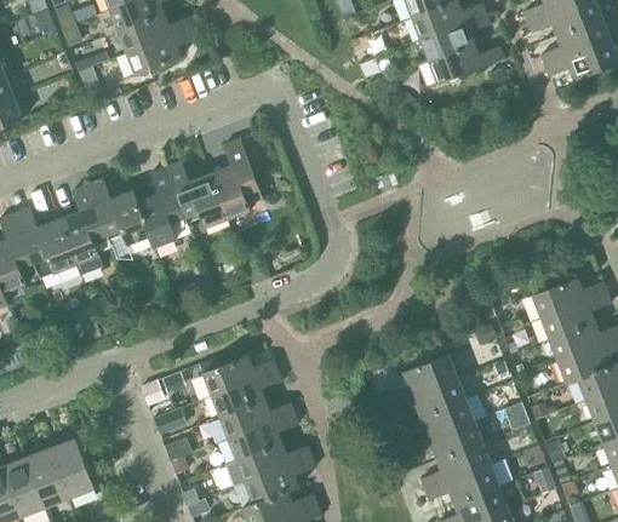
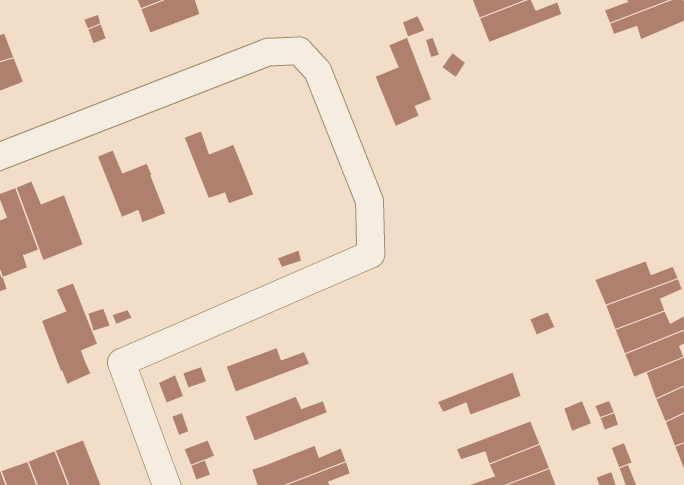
building: [210,138,261,218] -> [375,37,432,127]
building: [136,167,187,246] -> none
building: [58,184,109,275] -> [41,283,98,384]
building: [388,354,459,403] -> none
building: [211,369,281,417] -> none
building: [405,398,475,446] -> none
building: [228,413,298,460] -> none

